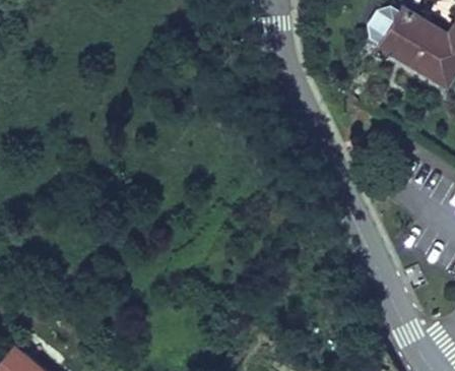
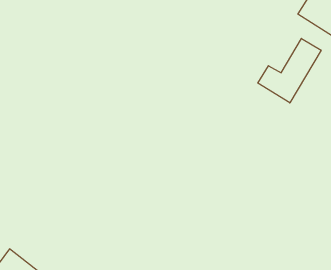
building: none -> [258,38,321,103]

